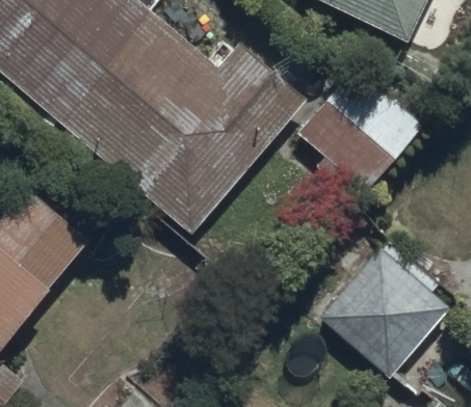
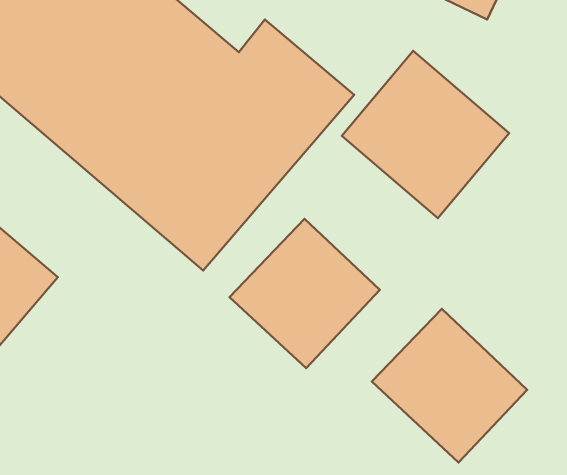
building: none -> [230,219,380,368]

